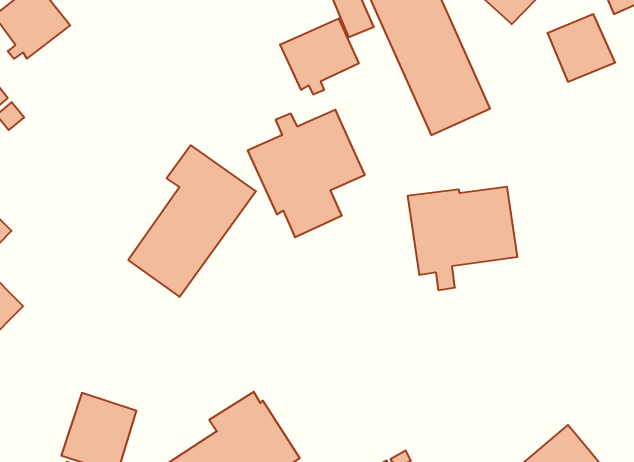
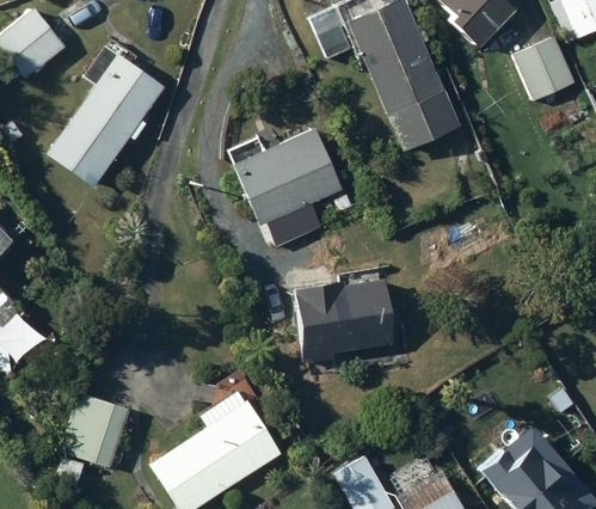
building: [280,18,359,95] -> none
building: [128,145,256,297] -> [45,44,165,186]
building: [408,187,517,290] -> [293,278,395,375]

